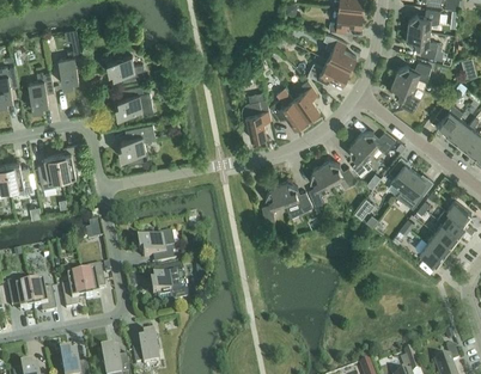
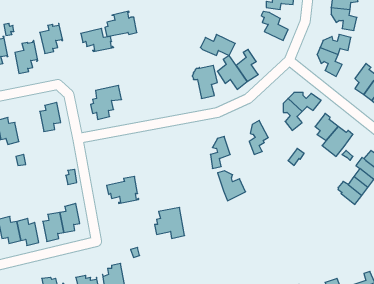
building: [308,59,349,84] -> [200,34,235,55]
building: [115,85,153,115] -> [105,11,137,36]
building: [37,154,62,189] -> none
building: [321,160,357,188] -> none
building: [279,182,312,217] -> [218,171,246,201]
building: [151,264,187,301] -> [155,207,185,238]

